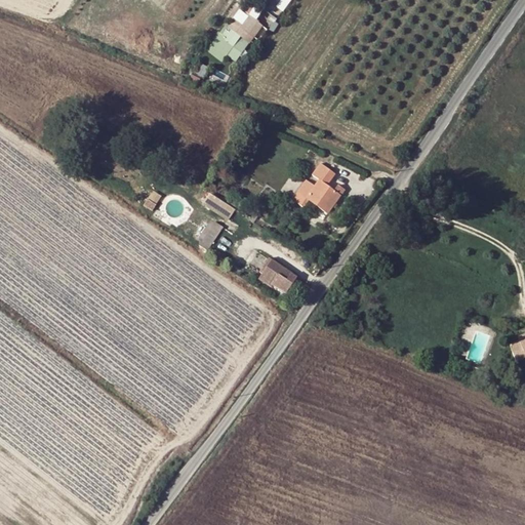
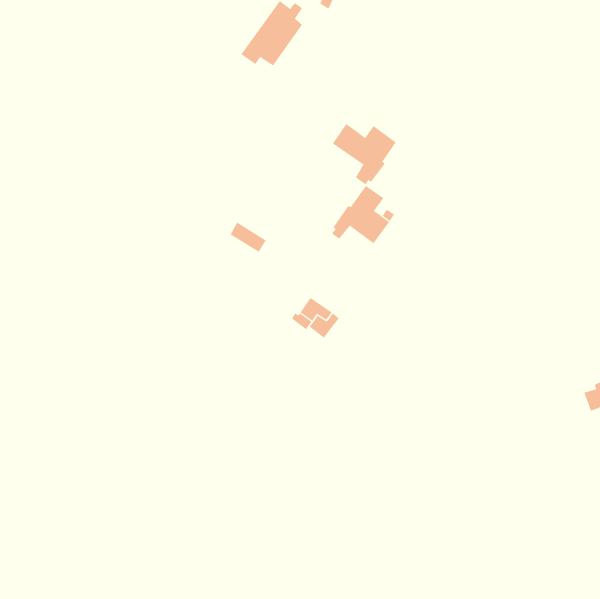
building: none -> [332,123,396,185]
building: [197,221,223,250] -> none

